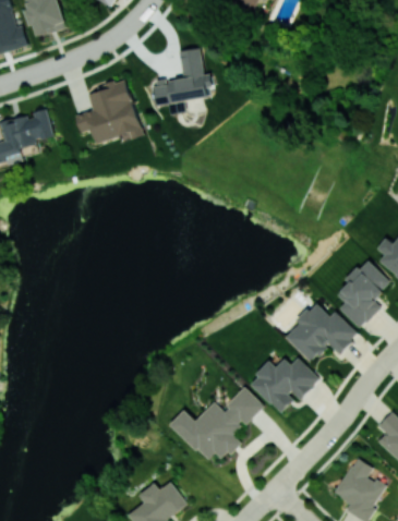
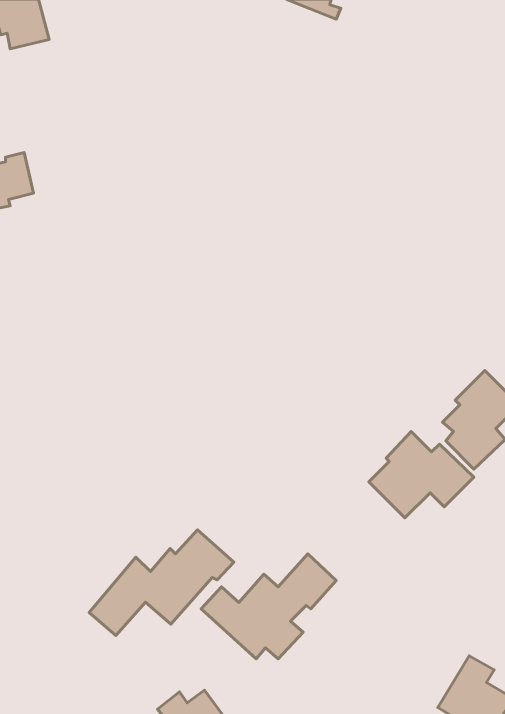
building: [153,48,213,114] -> none
building: [75,78,144,144] -> none
building: [249,358,319,413] -> none
building: none -> [89,530,234,635]

